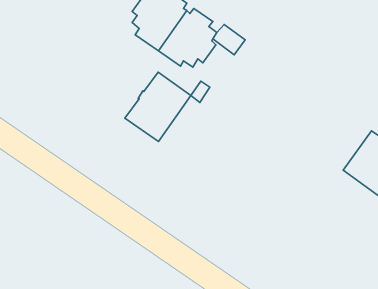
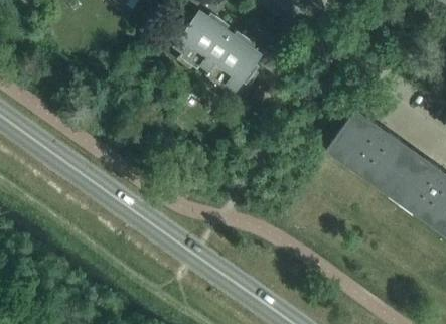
building: [125,72,191,142] -> none
building: none -> [324,108,413,190]

